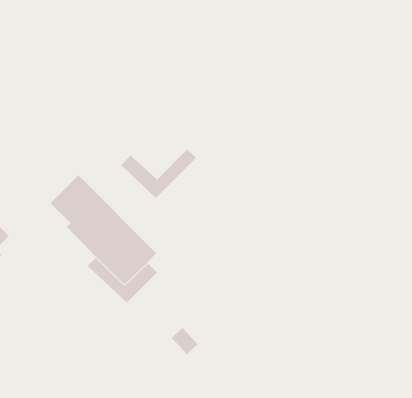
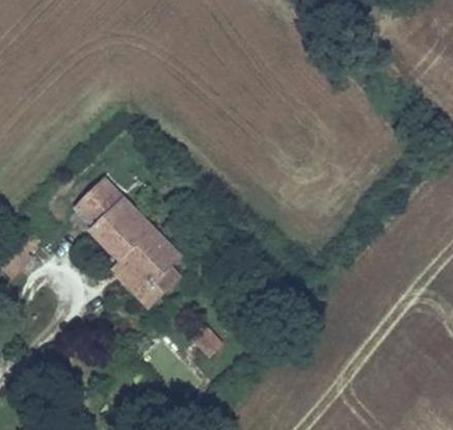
building: [120,149,197,199] -> none

